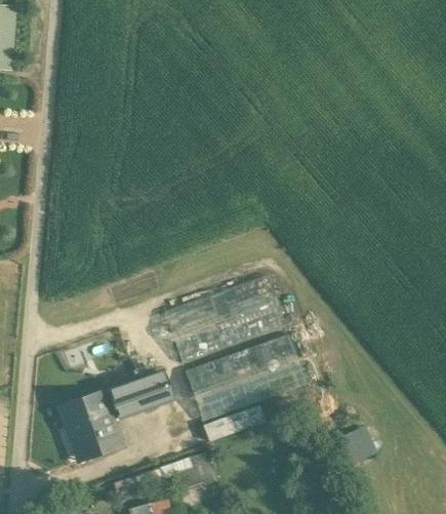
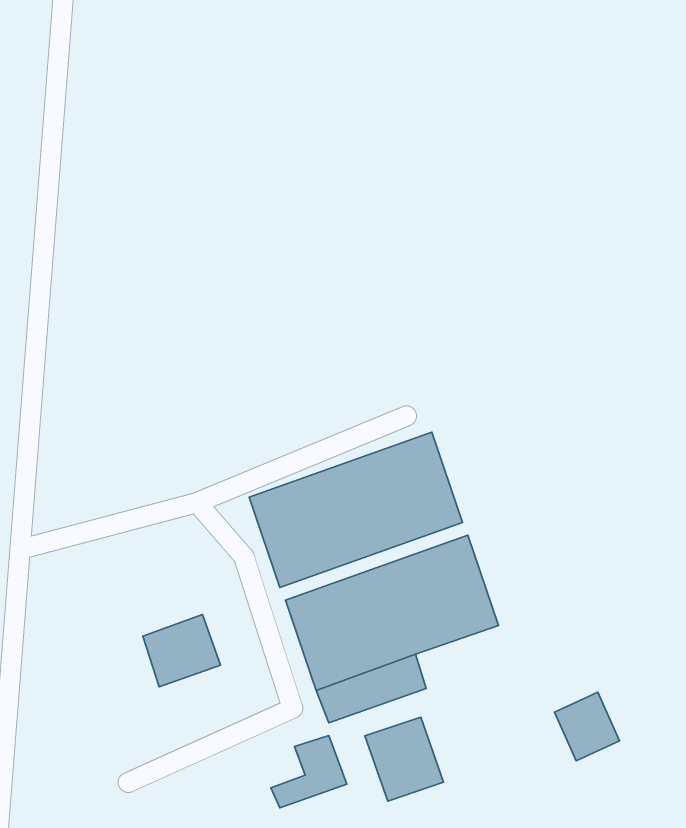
building: [135,371,171,408] -> none
building: [56,392,120,460] -> none
building: none -> [365,717,444,801]

